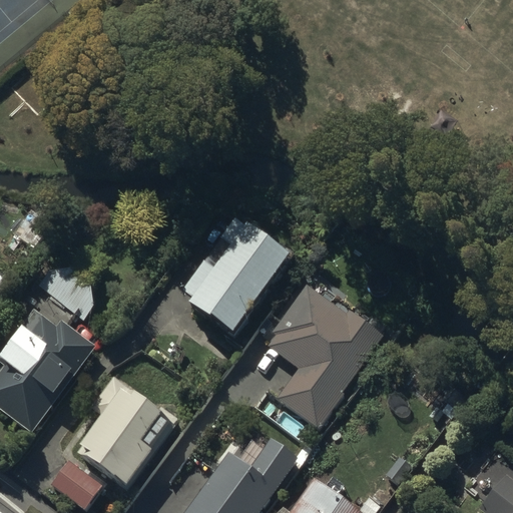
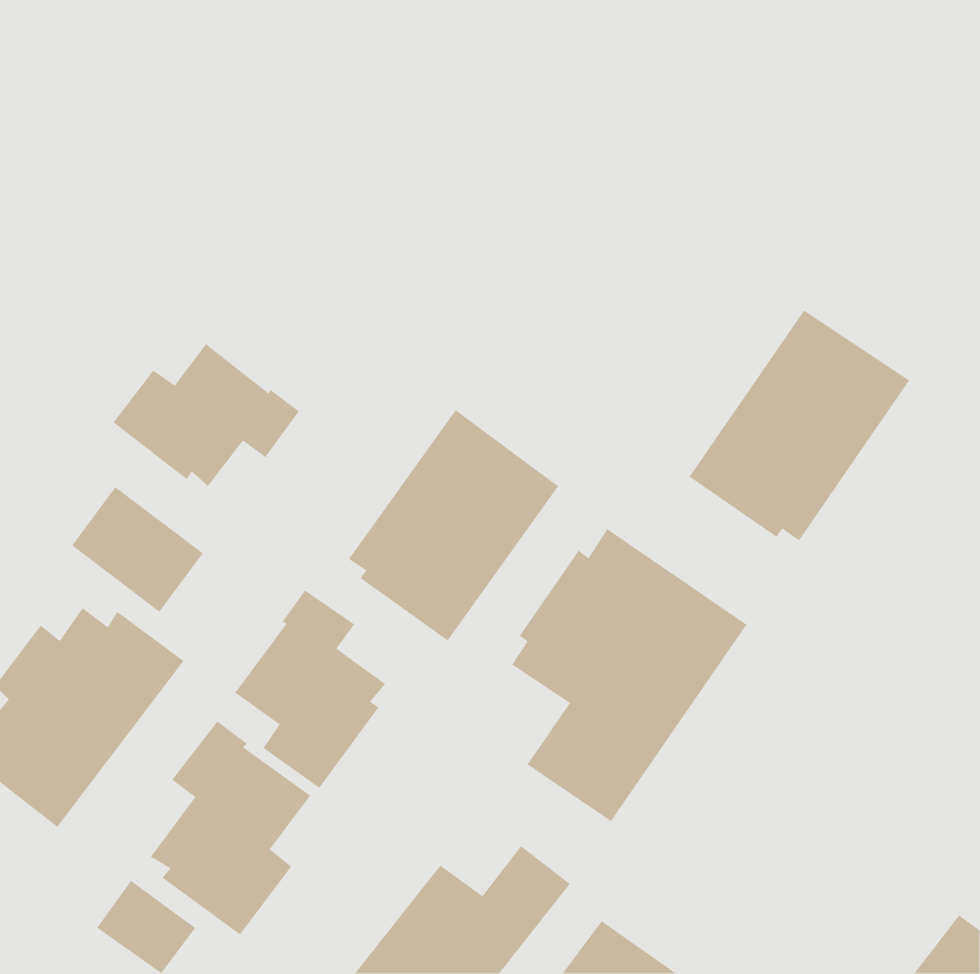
building: none -> [688,310,910,542]
building: none -> [113,343,300,487]
building: none -> [234,590,386,789]

